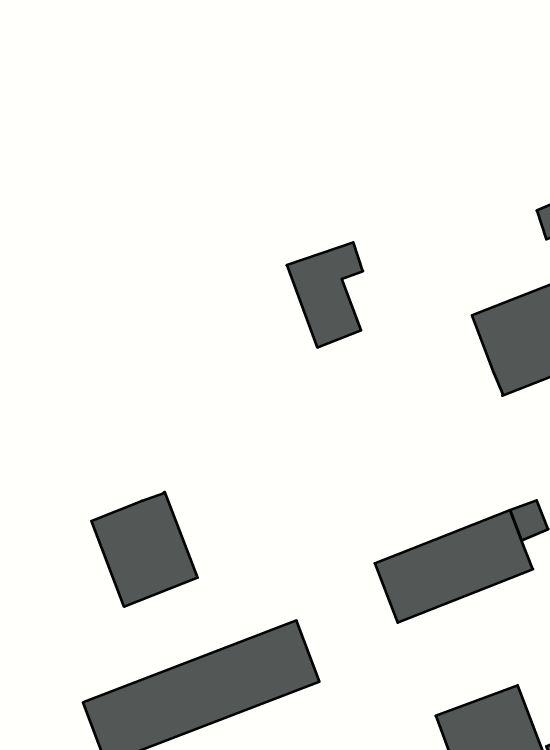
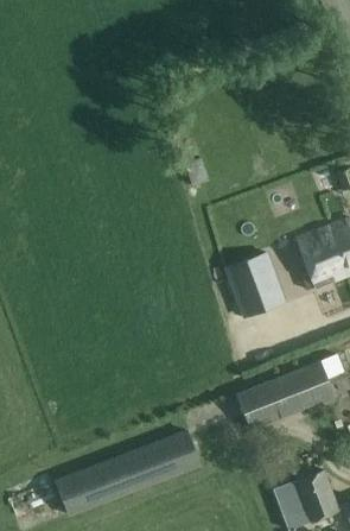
building: [287,242,363,347] -> [225,253,273,318]
building: [91,492,198,607] -> none

